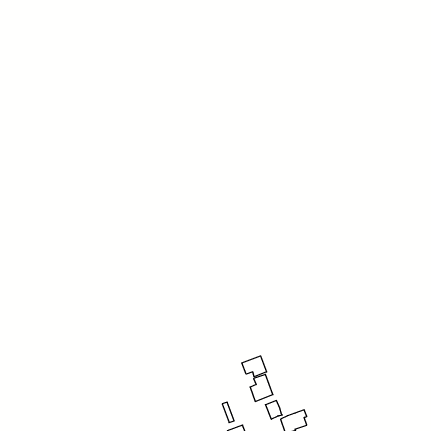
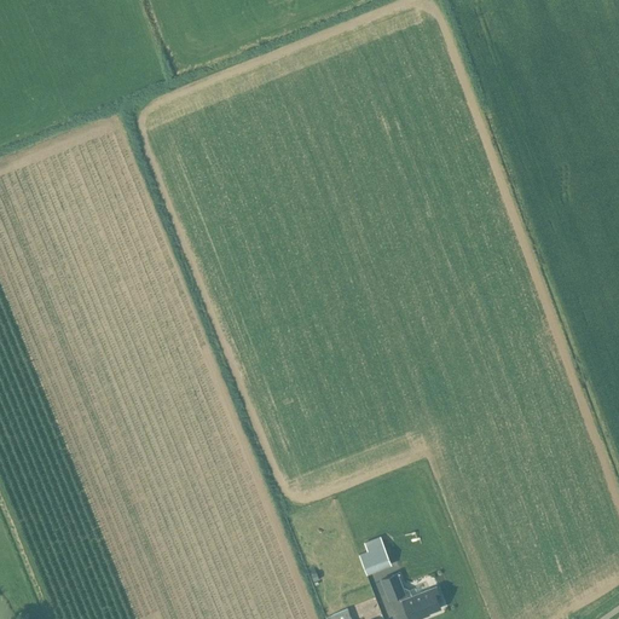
building: [242,356,267,377] -> none

